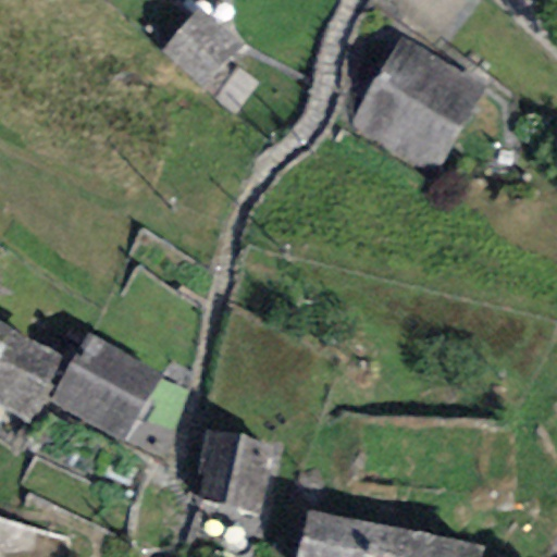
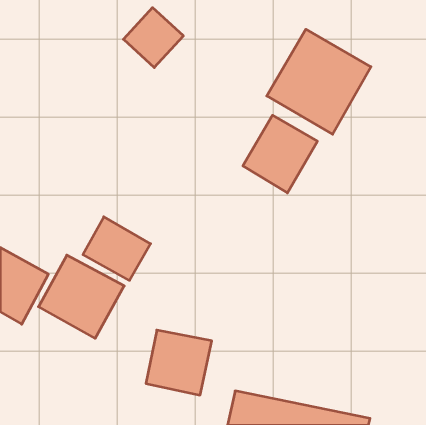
building: none -> [243,115,317,193]
building: none -> [83,217,151,280]

